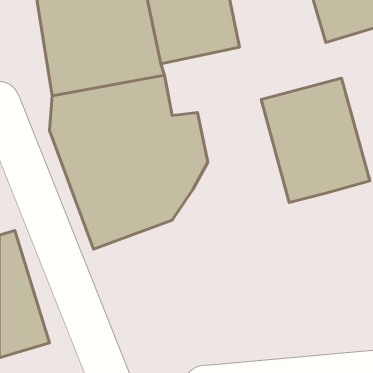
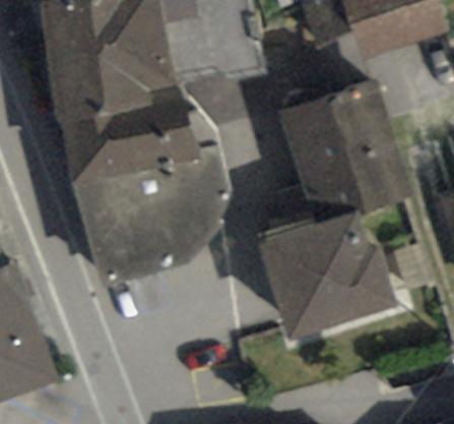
building: none -> [259,216,383,332]

